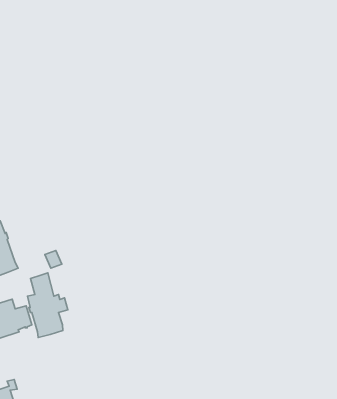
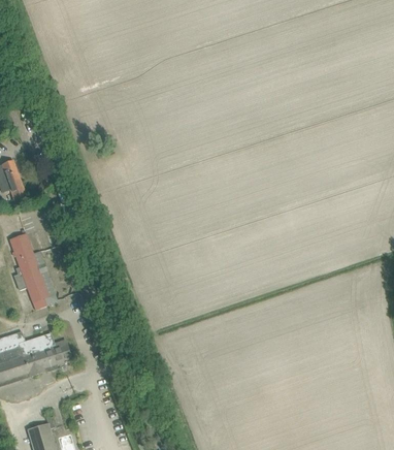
building: [28,273,68,338] -> none

